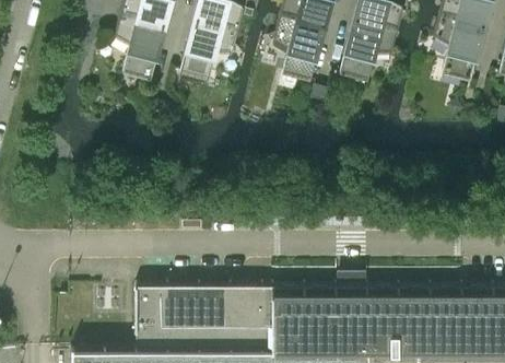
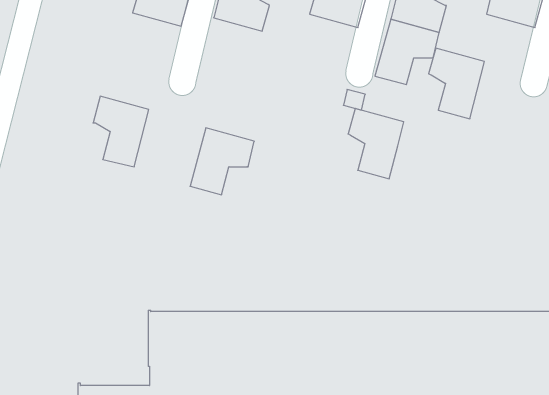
building: [114,17,164,81] -> [93,96,149,167]
building: [273,19,324,82] -> [348,108,404,179]
building: [433,19,483,82] -> [429,48,484,119]
building: [179,22,237,82] -> [190,128,254,195]

